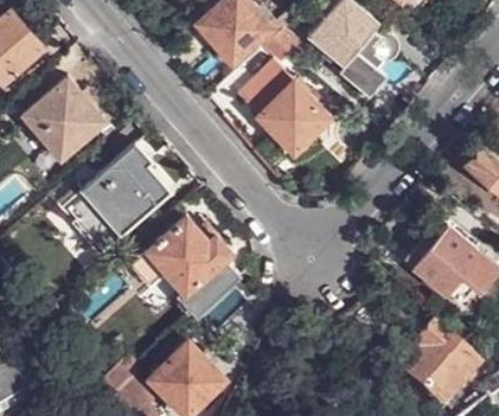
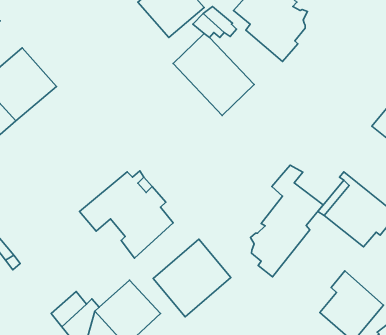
building: [69,141,168,251] -> none
building: none -> [250,165,323,277]
building: none -> [153,239,231,317]

